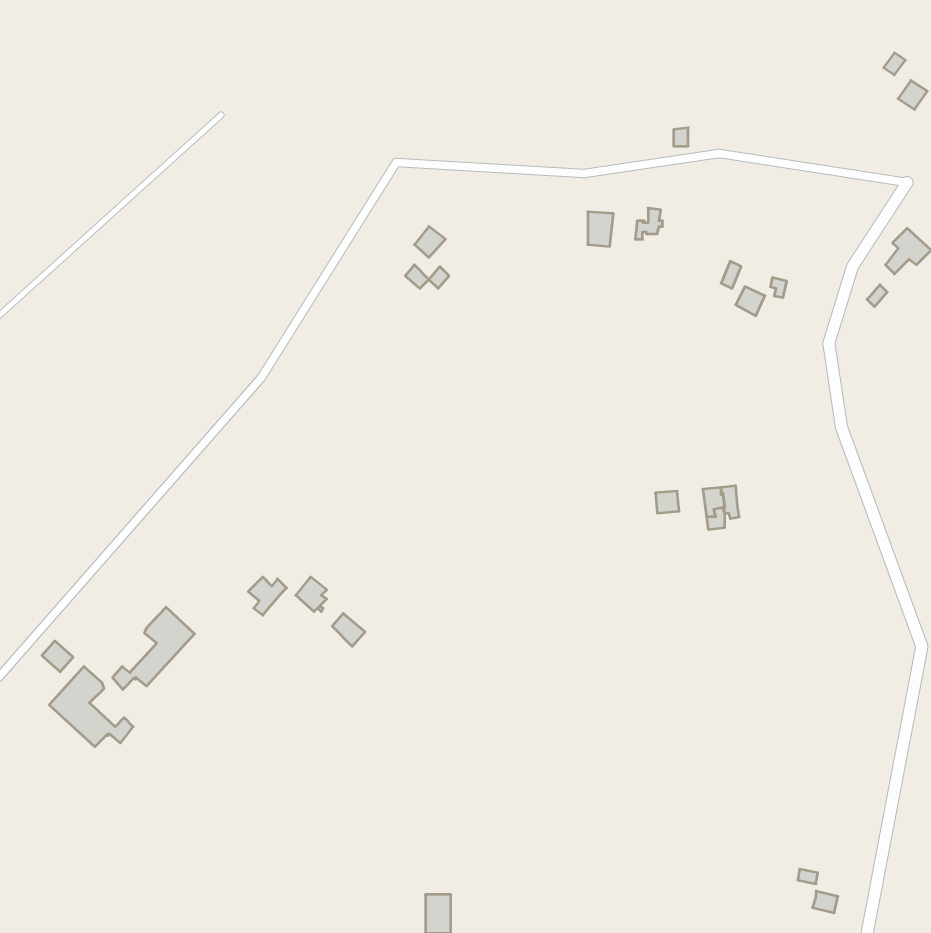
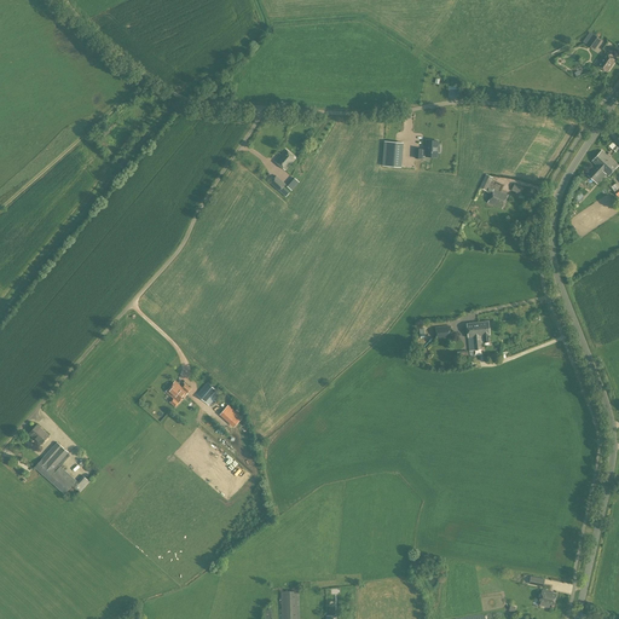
building: [113,607,195,690] -> none

